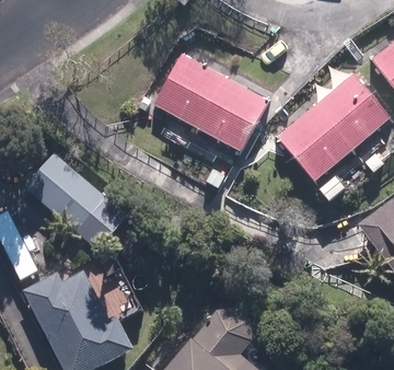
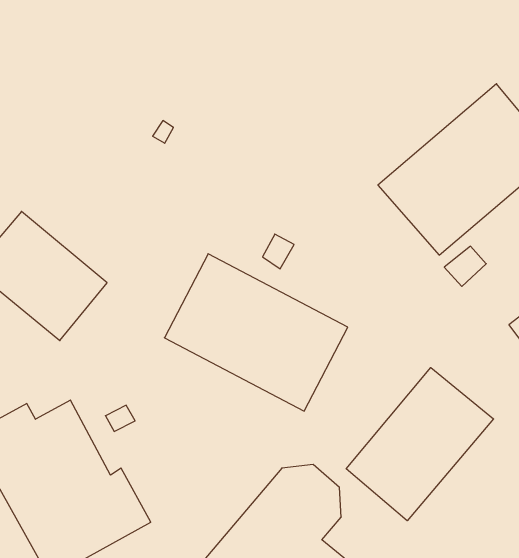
building: [152,53,267,151] -> [164,254,348,411]
building: none -> [346,368,494,521]

